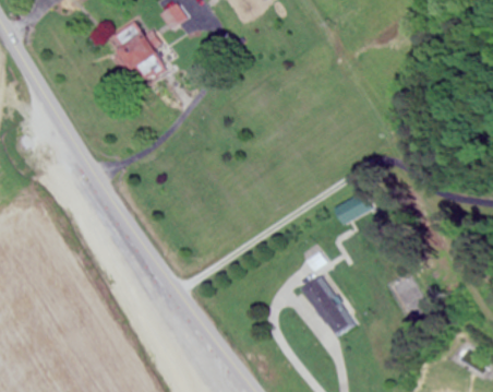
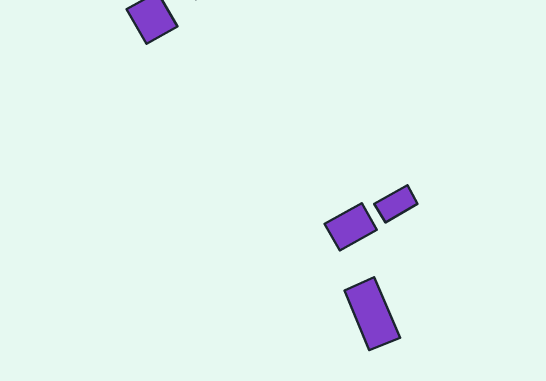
building: none -> [325,203,377,250]

